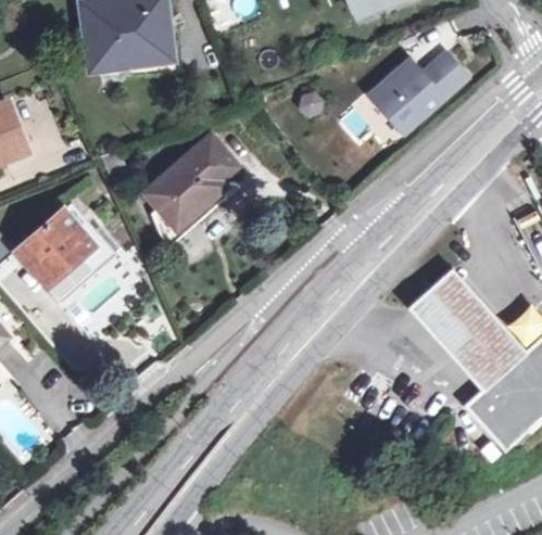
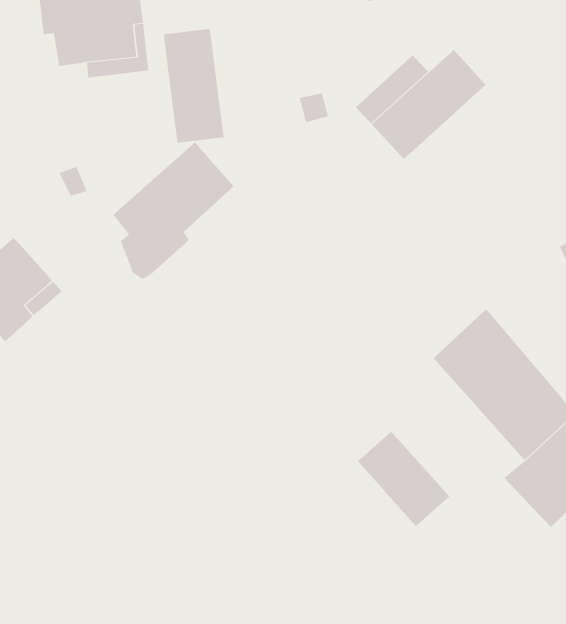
building: none -> [163,28,224,143]
building: none -> [357,431,450,527]

